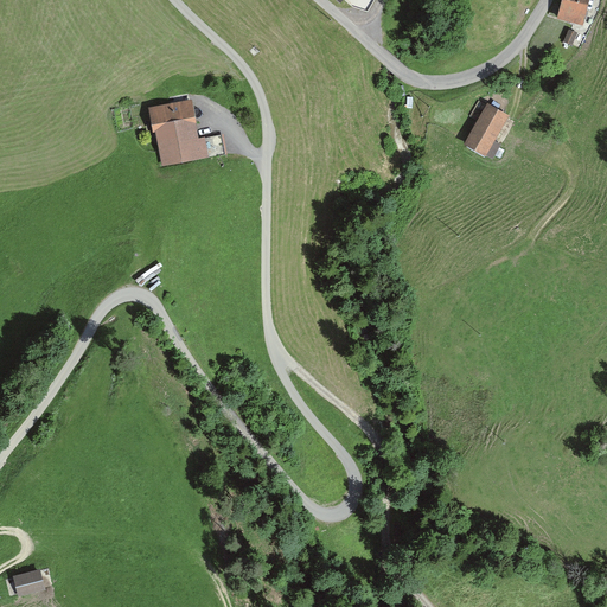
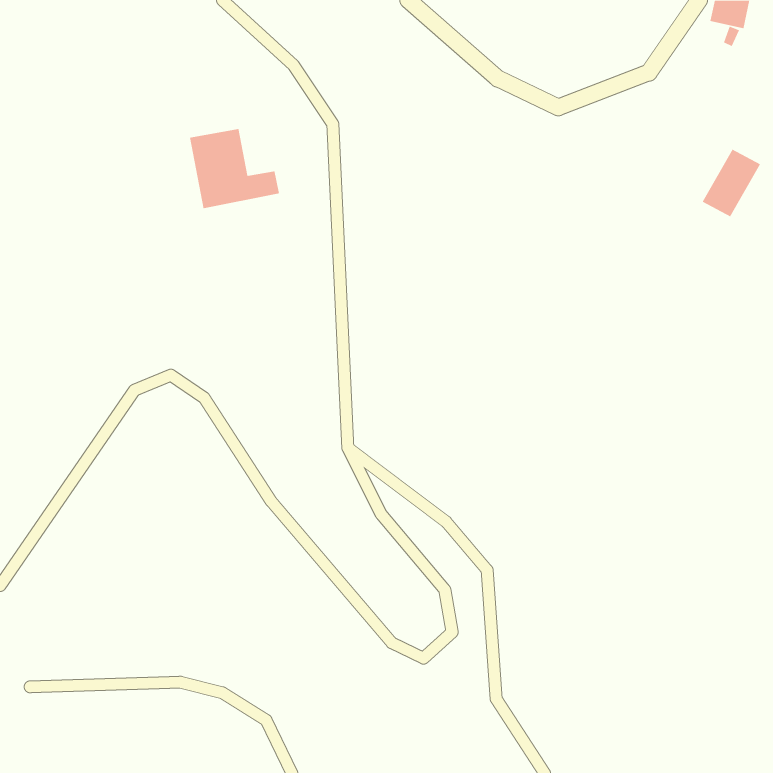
building: [464,102,510,155] -> [702,149,761,217]
building: [12,568,46,595] -> none

